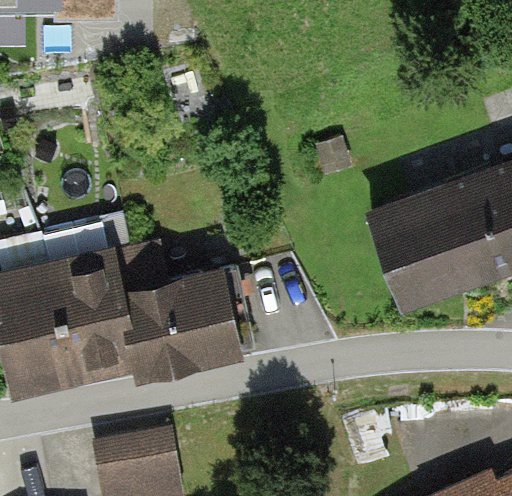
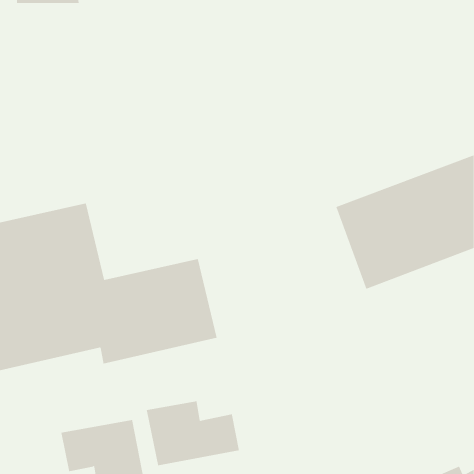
building: none -> [146,400,239,466]

